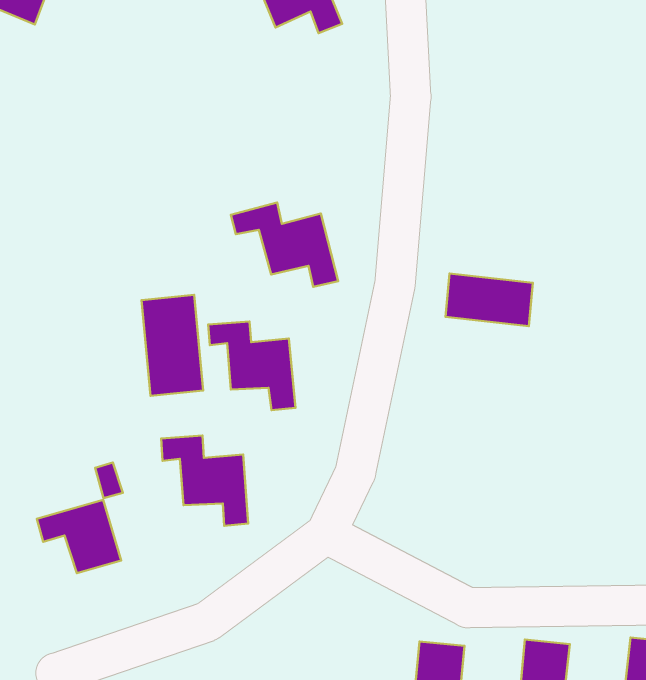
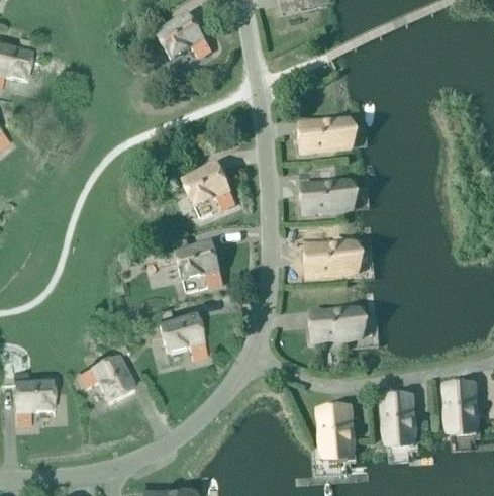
building: none -> [300,120,353,151]
building: [141,295,203,396] -> none
building: none -> [307,244,359,275]
building: none -> [311,309,364,340]

